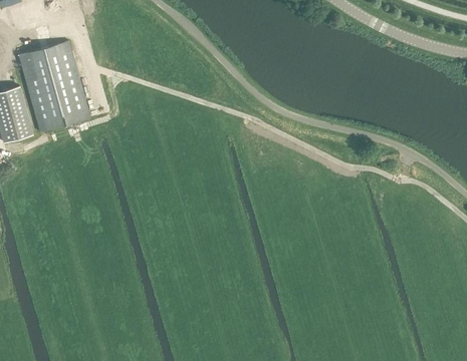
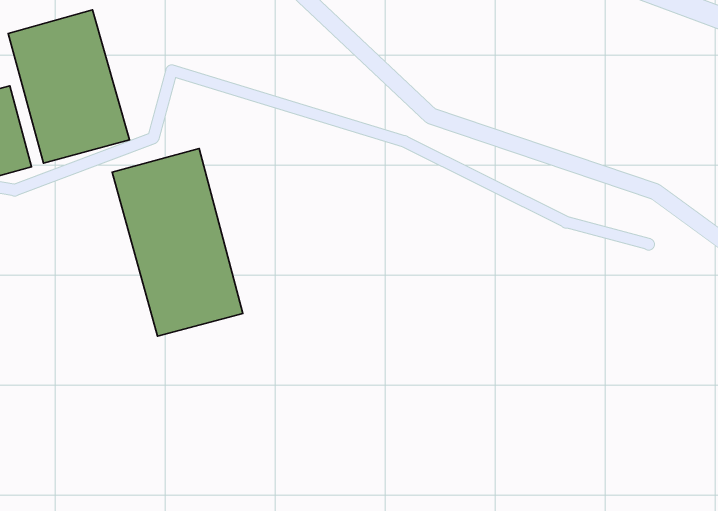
building: none -> [112,148,243,336]

